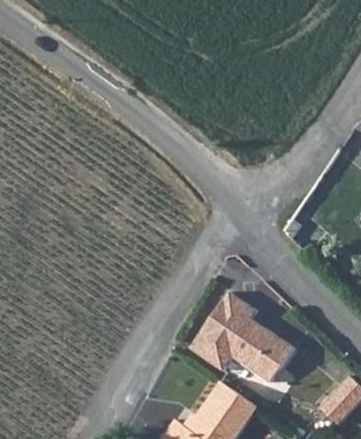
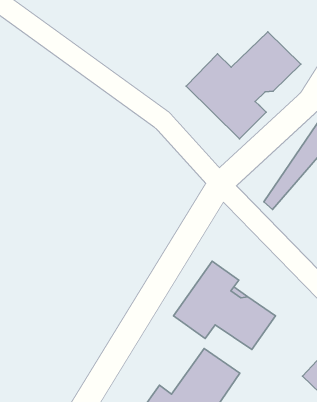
building: none -> [186,32,301,139]

